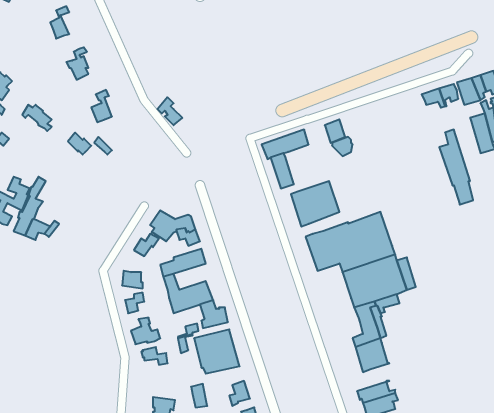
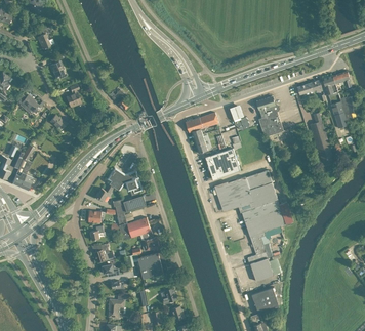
building: none -> [255,95,283,135]

